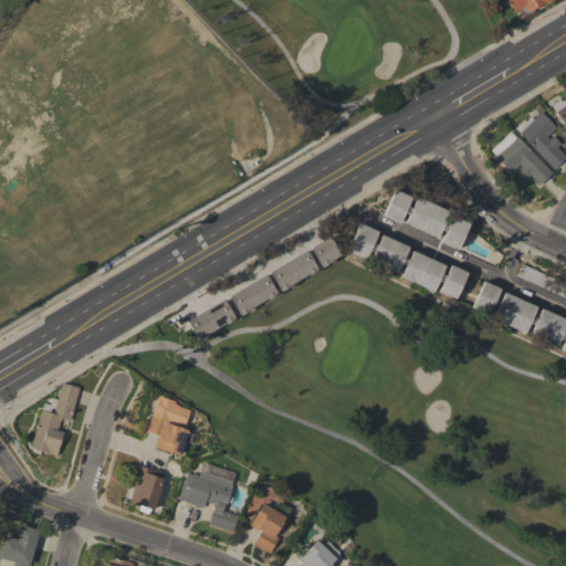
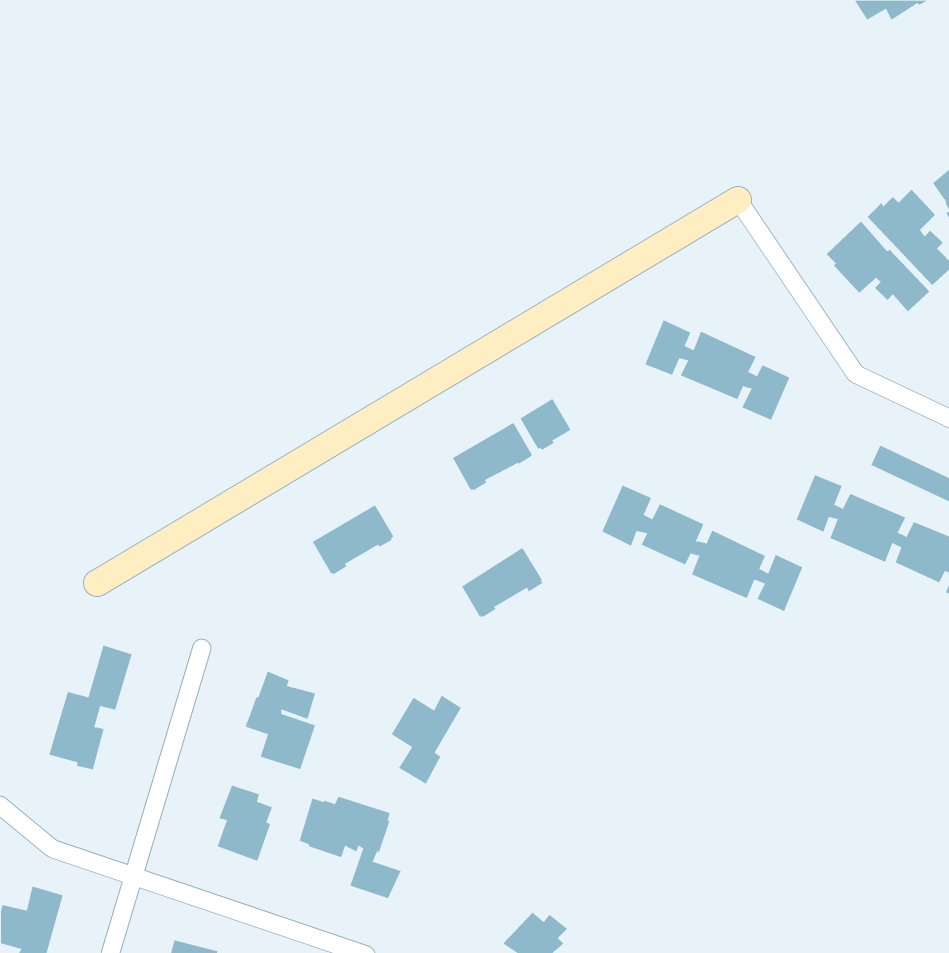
building: [349,224,469,300] -> [602,485,803,612]
building: [230,274,279,316] -> [461,547,543,618]
building: [251,502,293,555] -> [391,695,462,785]

